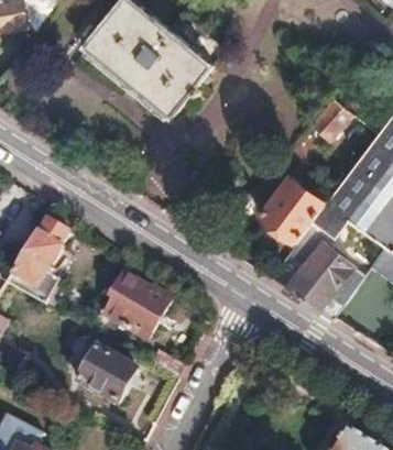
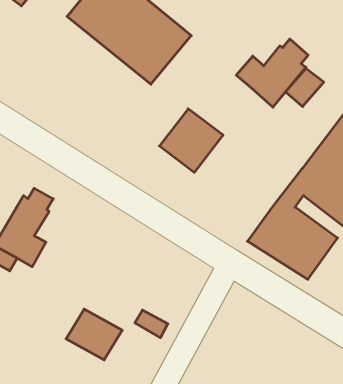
building: none -> [236,39,308,107]
building: [259,175,325,241] -> [159,109,223,172]
building: [106,274,172,339] -> none

